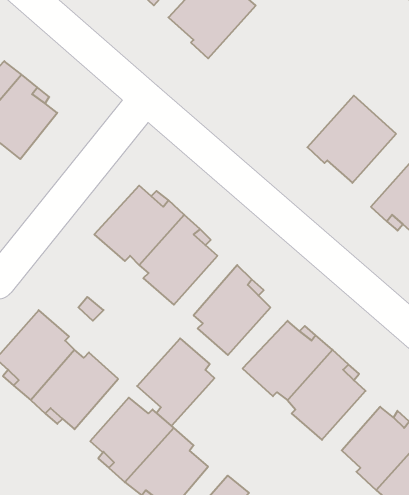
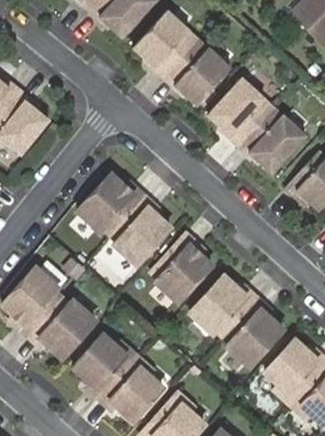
building: none -> [164,38,232,105]
building: none -> [209,77,274,145]
building: [137,338,214,426] -> none

